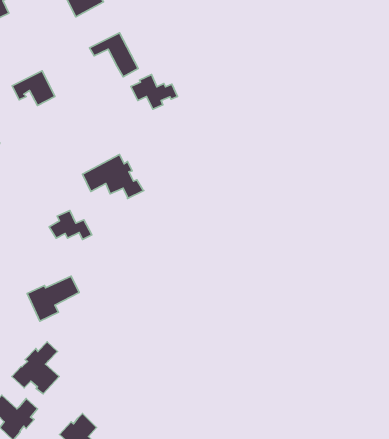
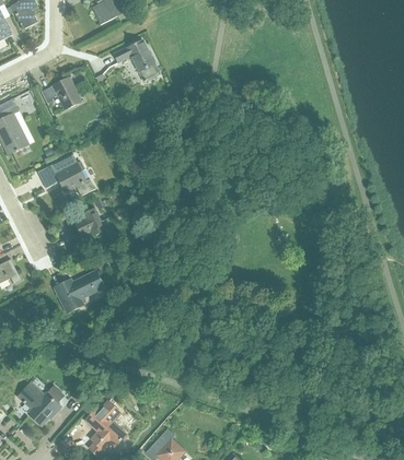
building: [131,75,178,109] -> none
building: [83,155,144,198] -> [38,154,96,196]
building: [12,342,59,394] -> none

